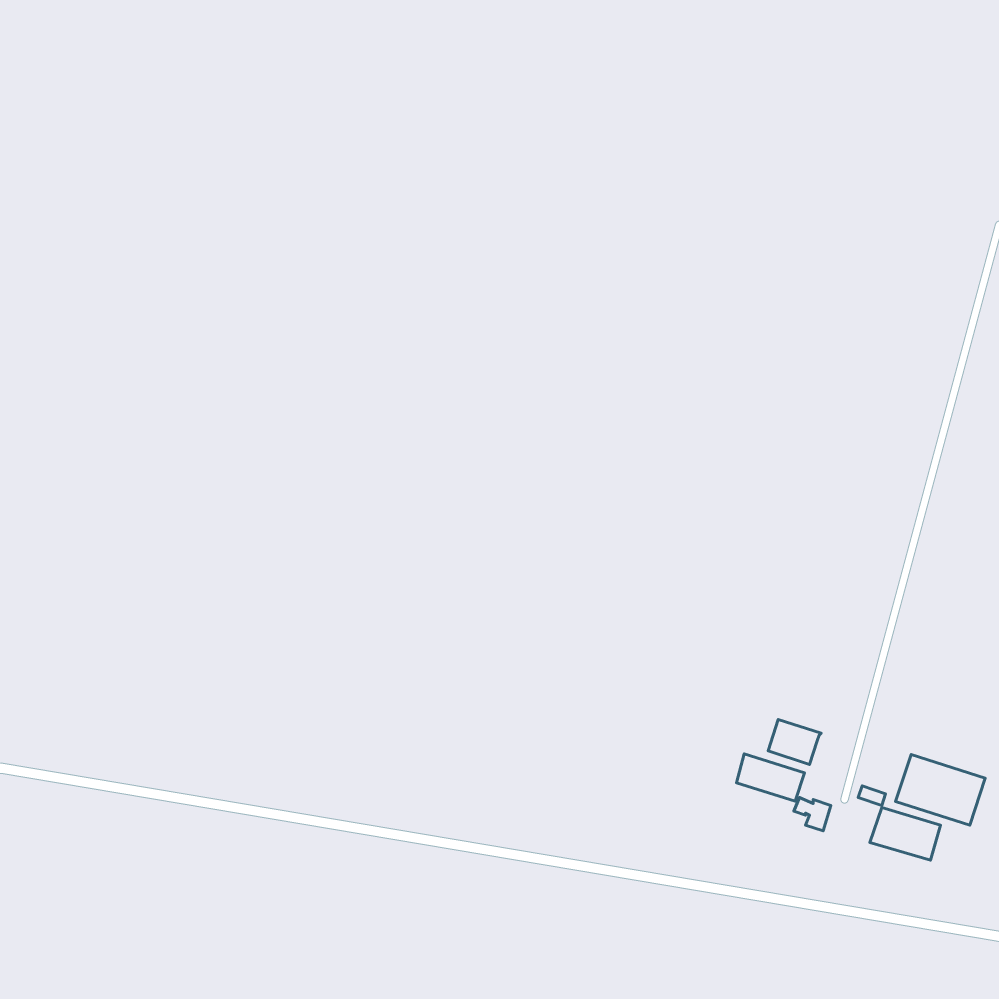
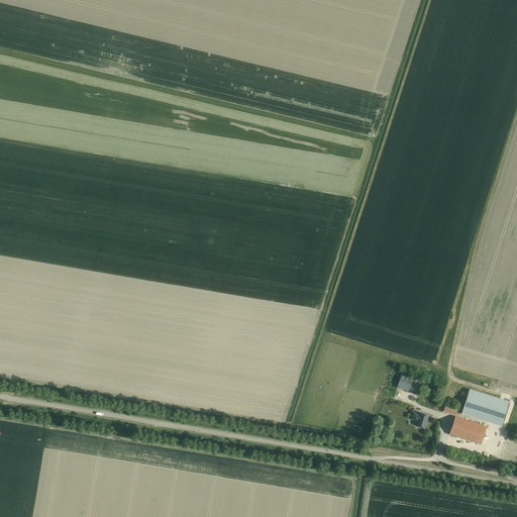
building: [736,754,804,801] -> none

